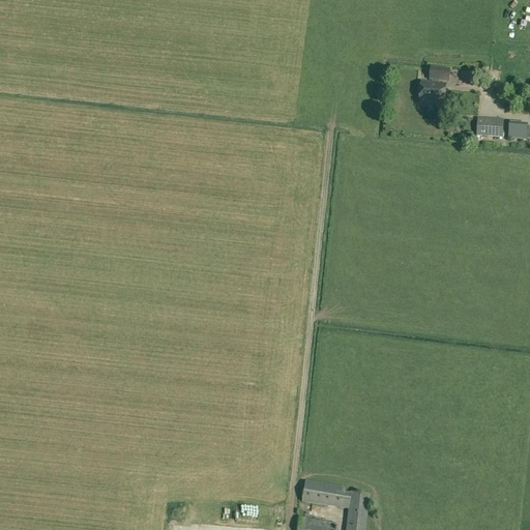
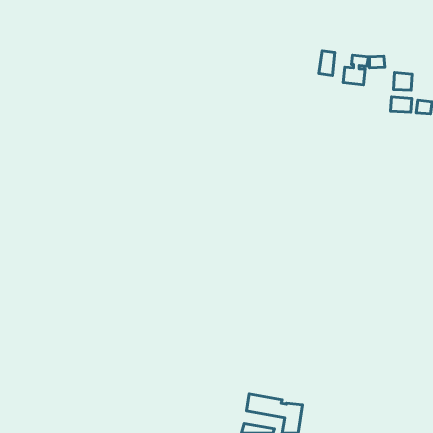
building: none -> [319,51,335,75]
building: none -> [393,73,412,90]

